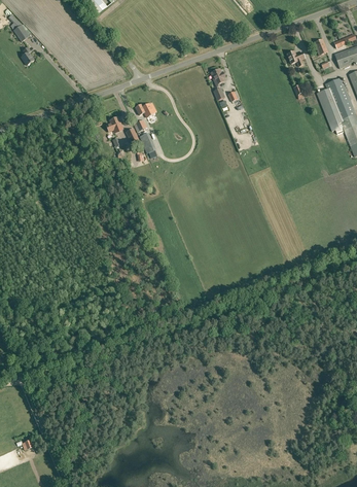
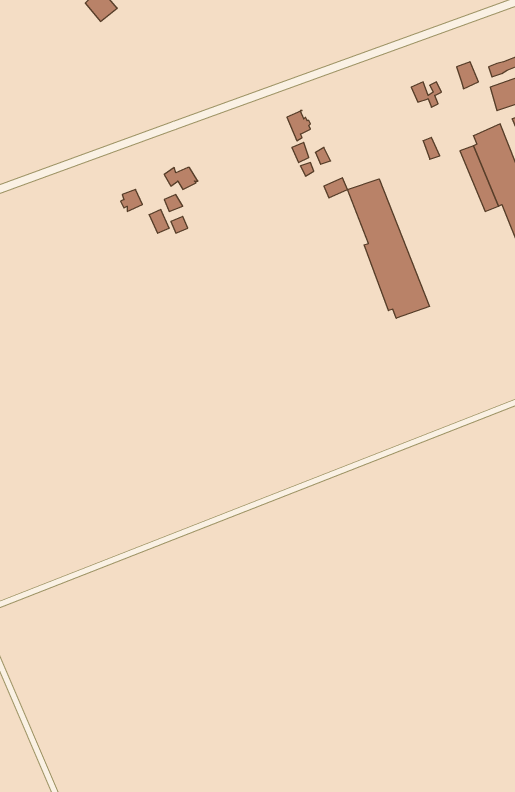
building: none -> [347,179,429,318]

